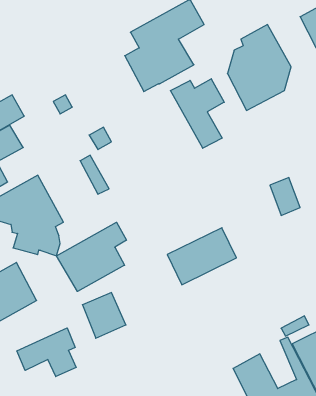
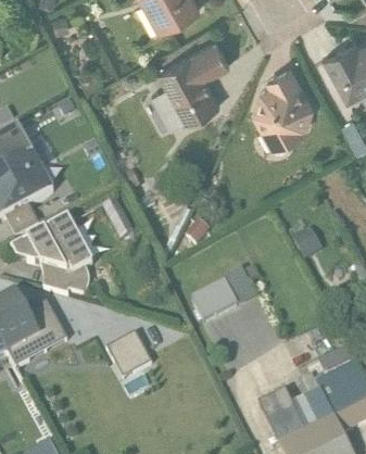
building: [170,79,224,148] -> none
building: [56,222,126,291] -> none
building: [17,328,76,377] -> none

